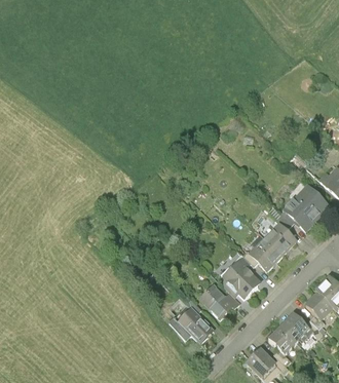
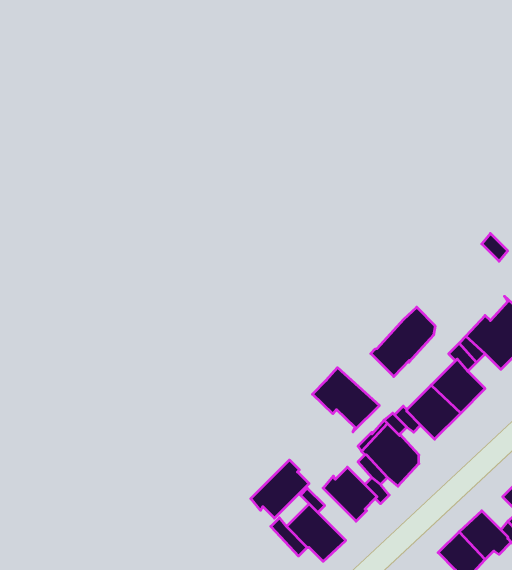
building: none -> [371,307,435,377]
building: none -> [312,368,379,432]
building: none -> [251,460,309,518]

